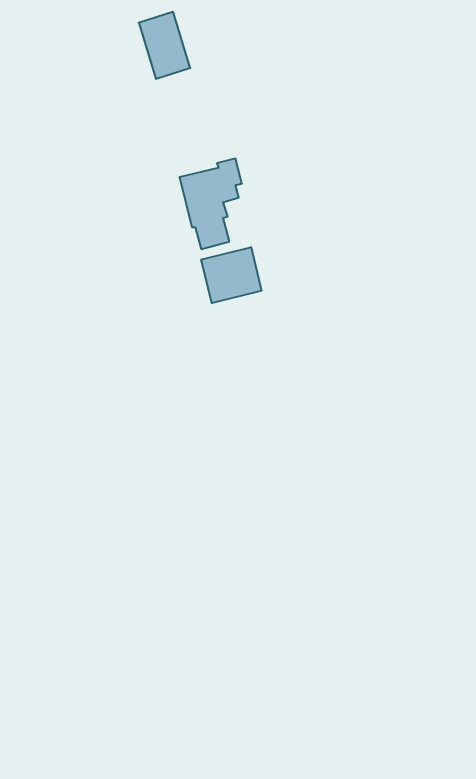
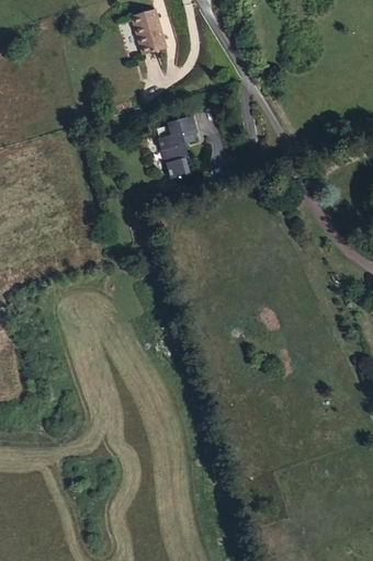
building: [201,247,262,303] -> none

